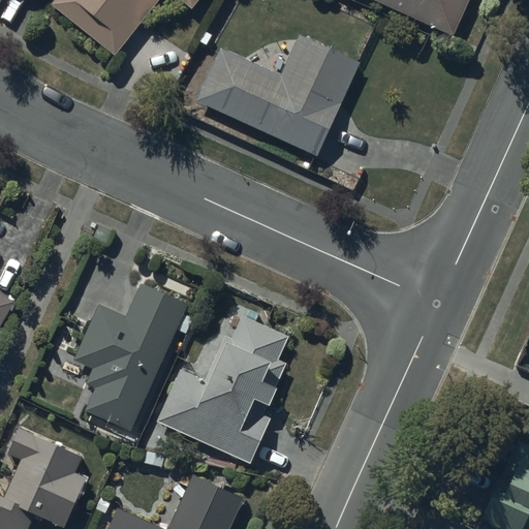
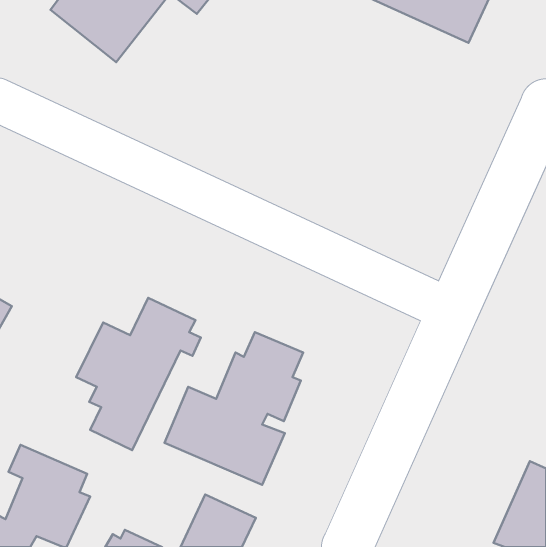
building: [193,29,355,149] -> none

